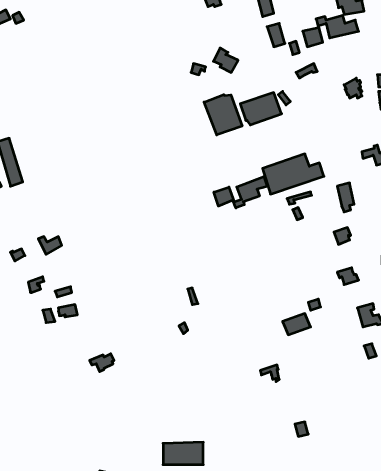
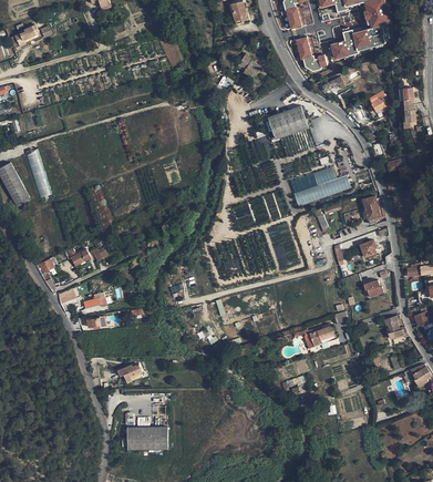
building: [204,95,242,135] -> none
building: [214,176,267,208] -> none
building: [163,442,203,465] -> [127,427,167,449]

